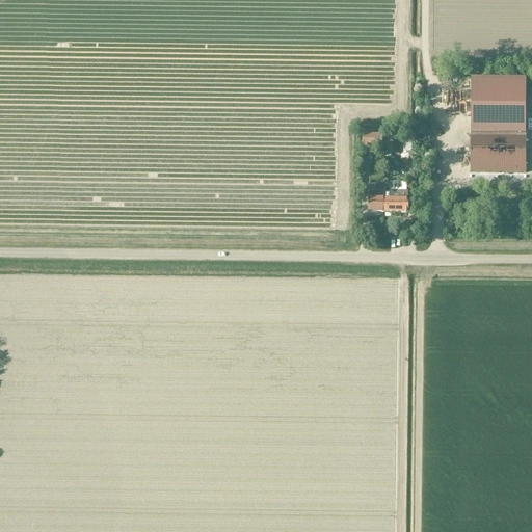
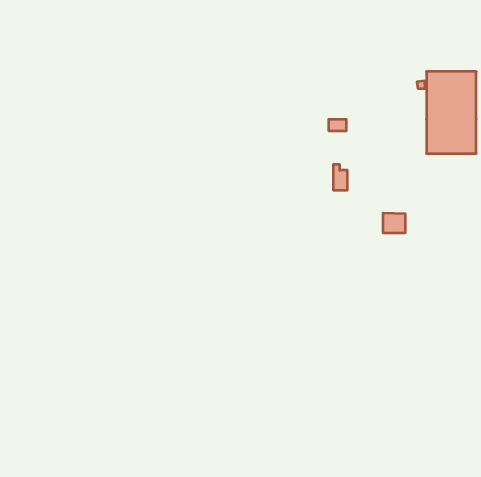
building: [383,188,408,210] -> [383,213,405,233]

